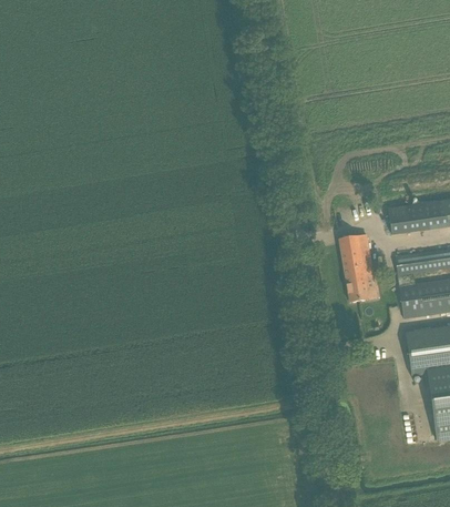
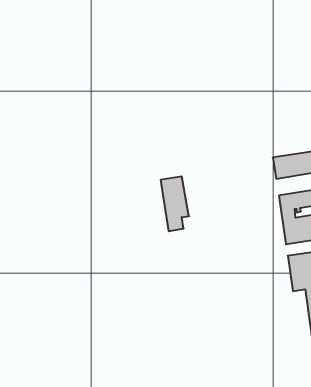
building: [339,233,375,302] -> [161,176,189,231]

